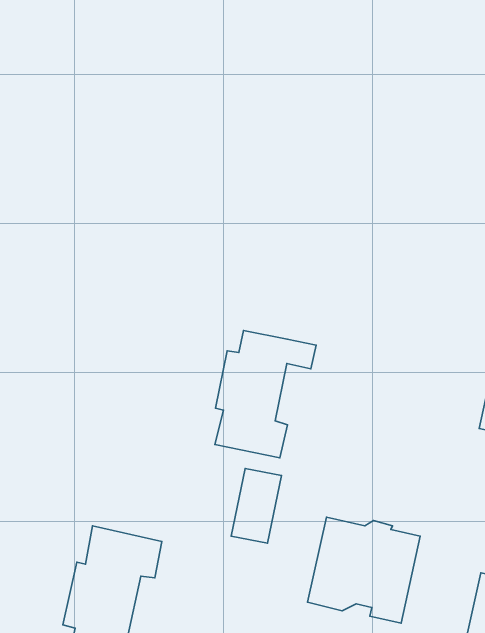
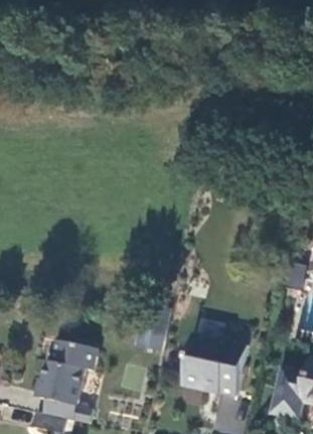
building: [215,330,316,458] -> none

